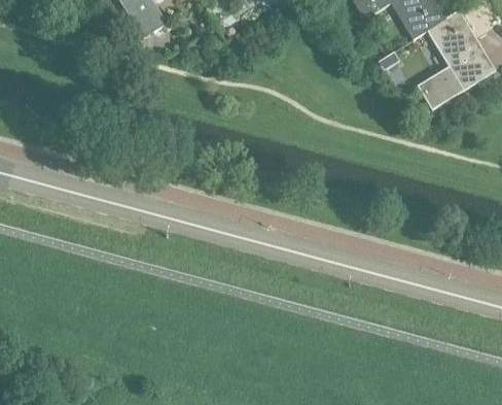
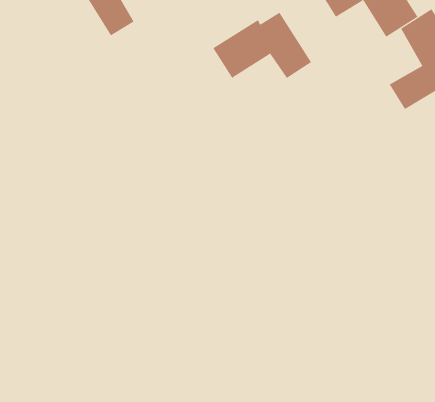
building: none -> [213,12,312,92]

